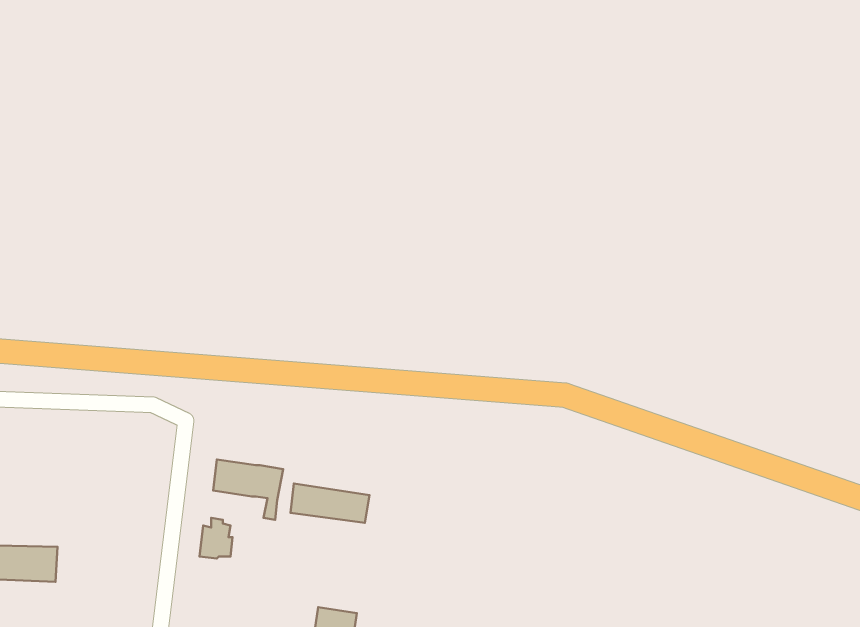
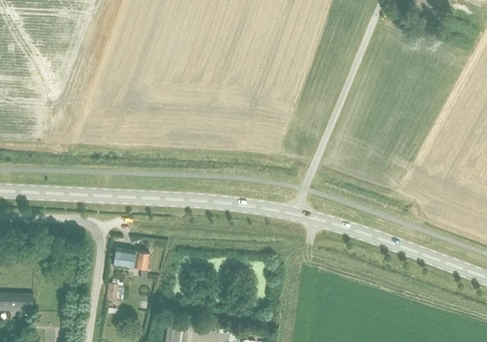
building: [290,483,370,523] -> none

